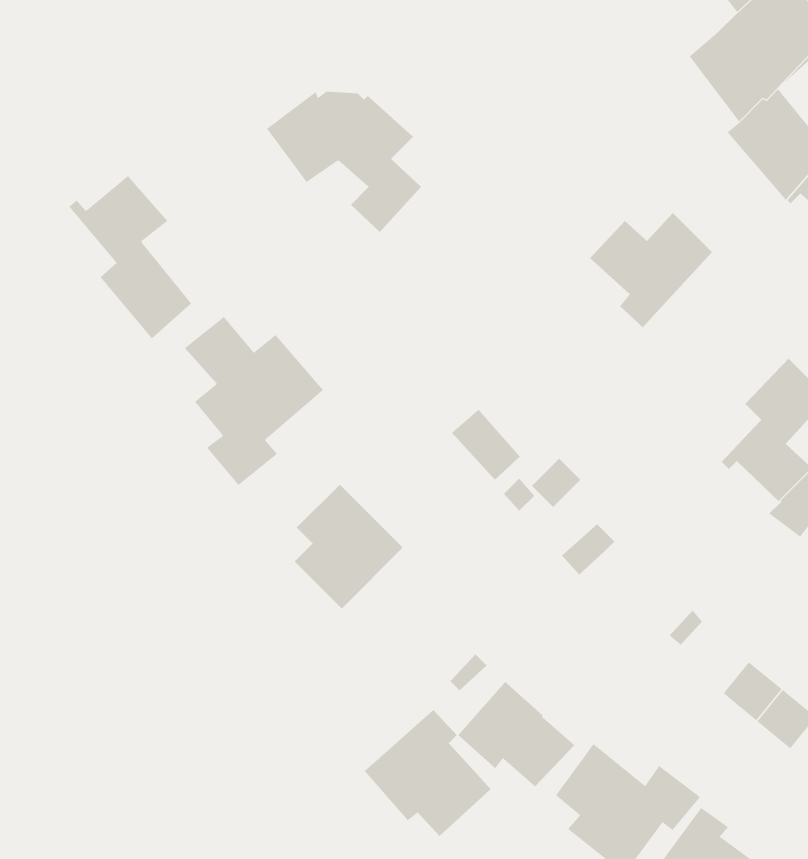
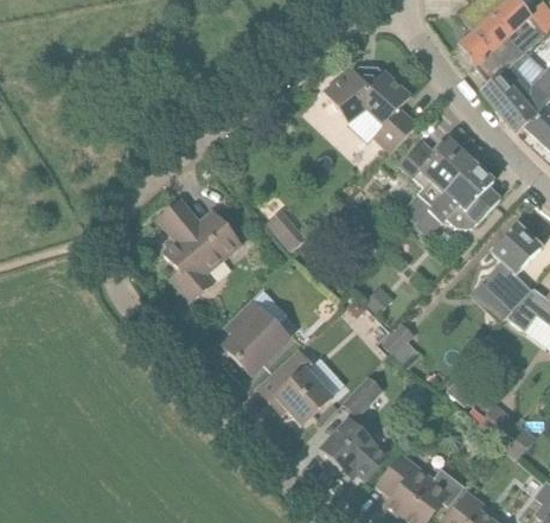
building: [266,91,422,233] -> [324,68,416,152]
building: [69,175,192,339] -> none
building: none -> [417,161,500,234]
building: [451,409,521,481] -> [264,208,306,250]
building: none -> [343,375,383,416]
building: [364,709,491,837] -> [256,349,332,425]

